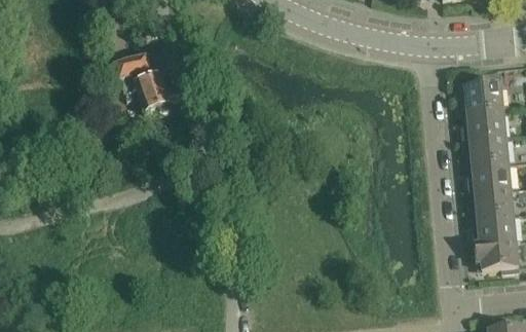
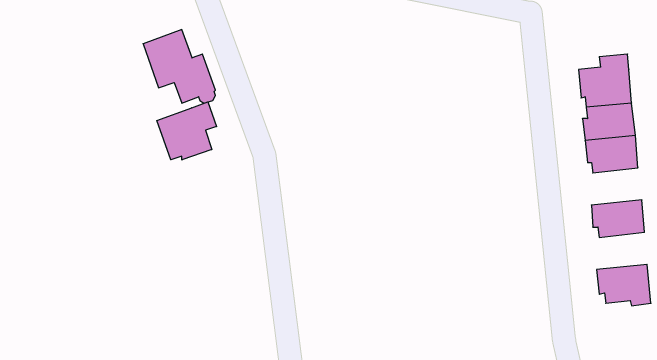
building: none -> [157,102,217,160]
building: [469,162,512,192] -> none
building: [475,214,516,244] -> none

